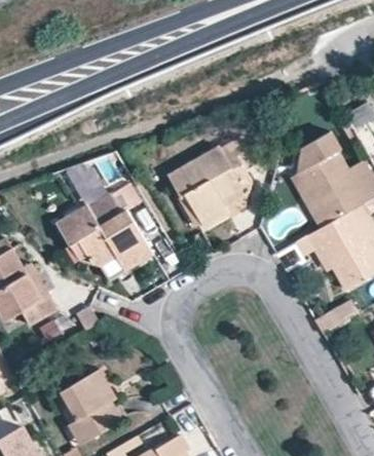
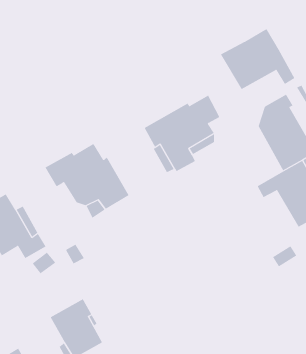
building: none -> [220,28,295,90]

